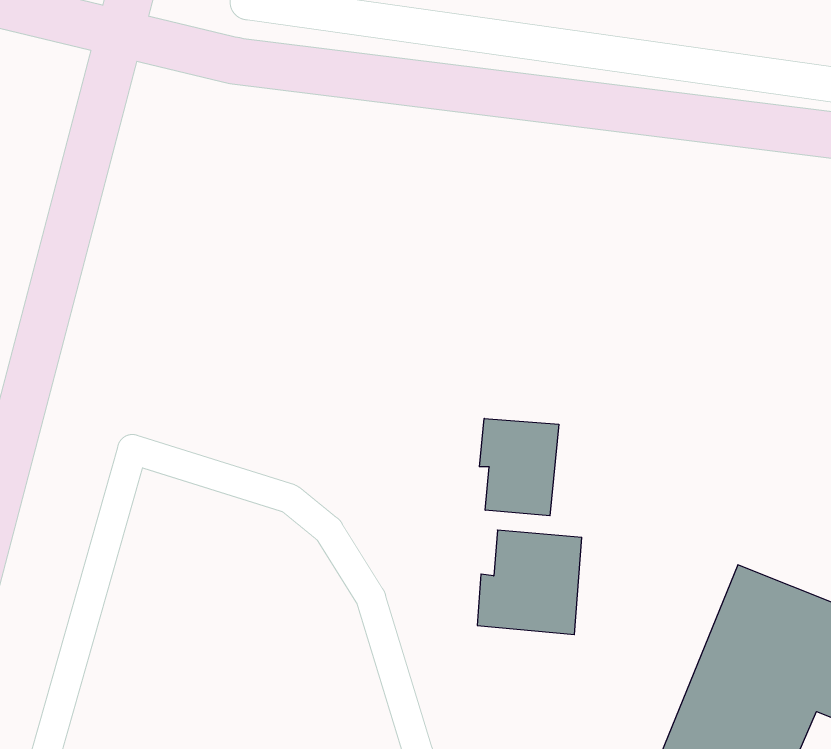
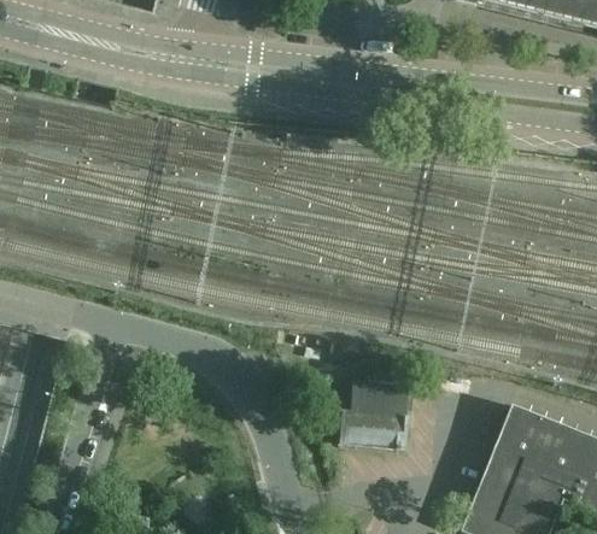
building: [479,418,559,516] -> none

